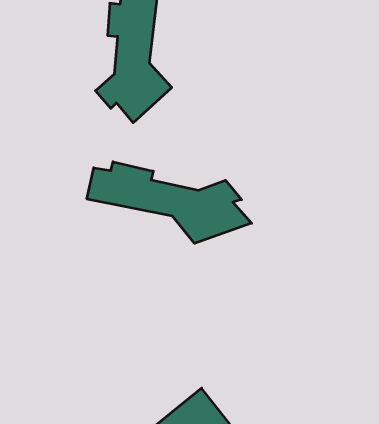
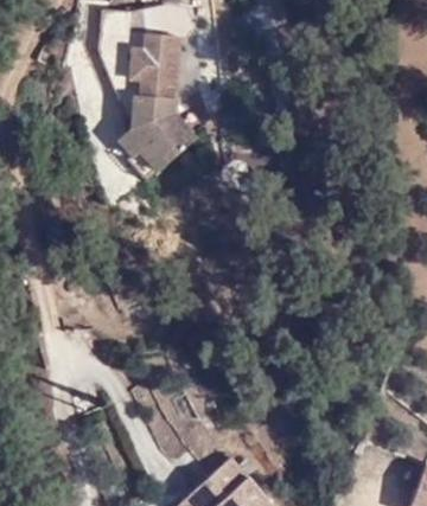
building: [87,162,252,243] -> none

